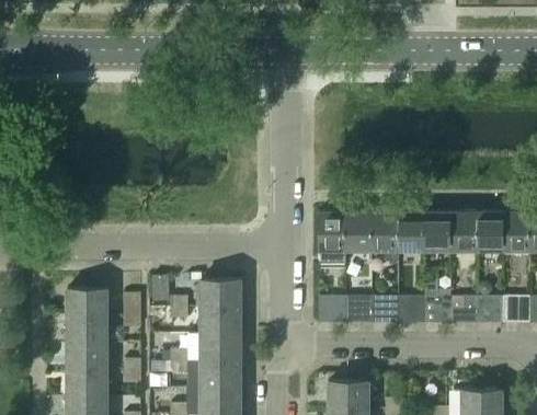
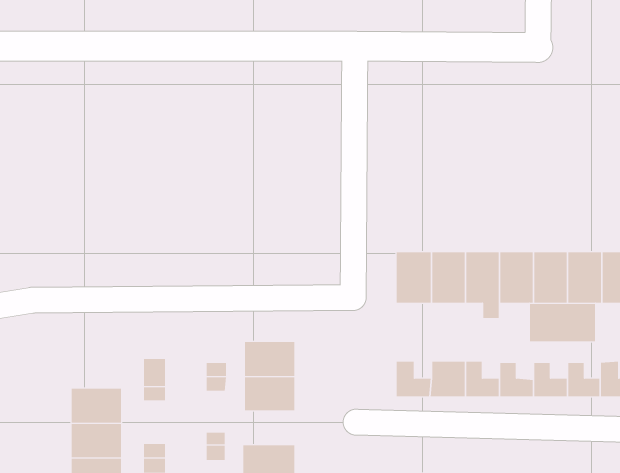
building: none -> [529,303,596,342]
building: [67,290,106,318] -> none
building: [199,335,240,361] -> none

